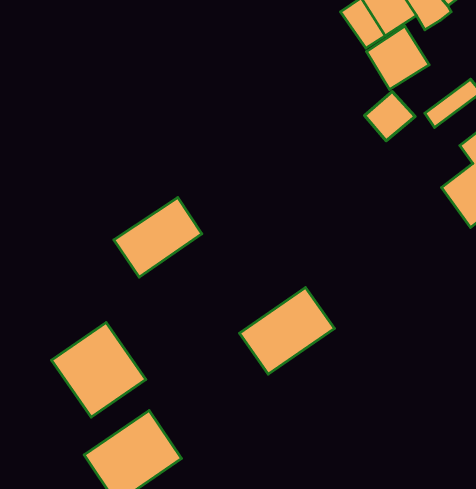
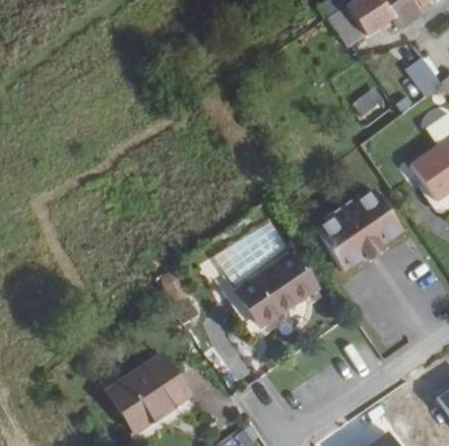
building: [366,26,429,89] -> none
building: [114,198,202,277] -> [219,219,294,286]
building: none -> [314,189,400,269]
building: [52,323,146,417] -> none

